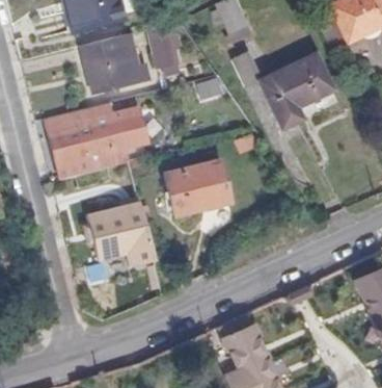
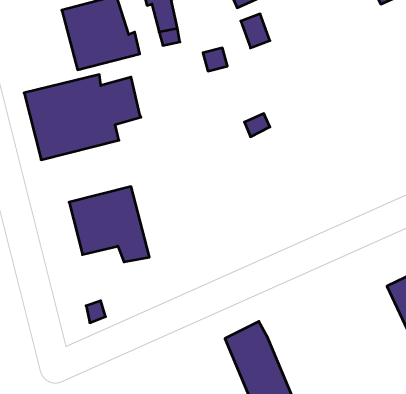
building: [261,55,334,128] -> none
building: [163,159,227,214] -> none

